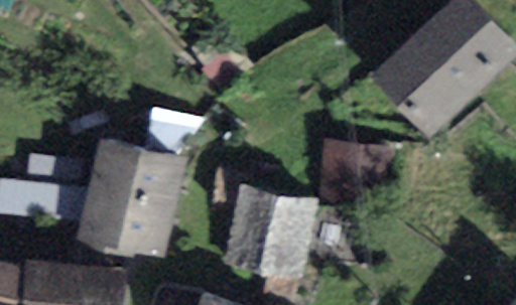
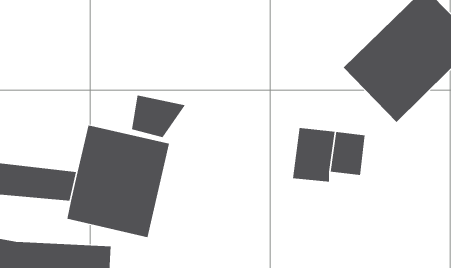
building: [223,184,316,280] -> none

